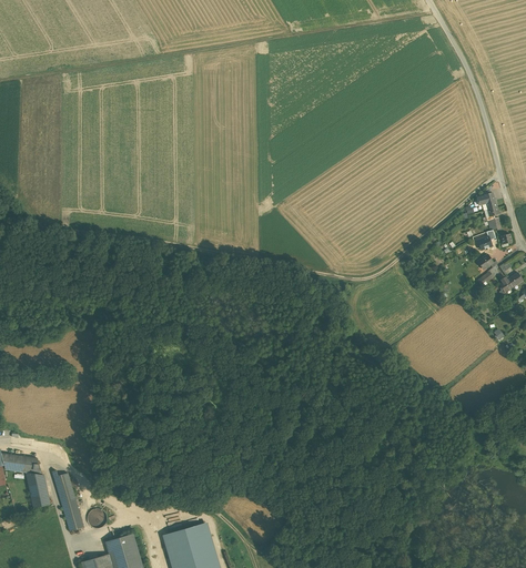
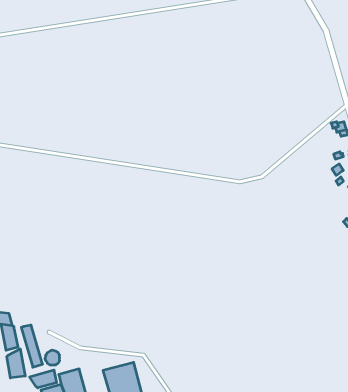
building: none -> [7,349,25,378]
building: none -> [30,370,57,388]

